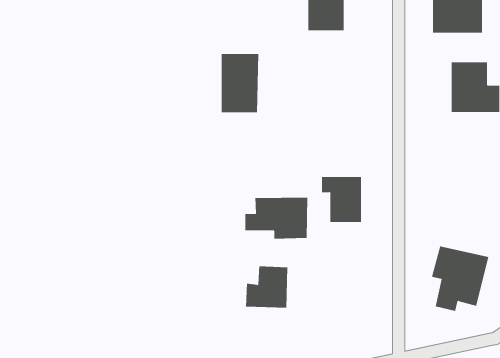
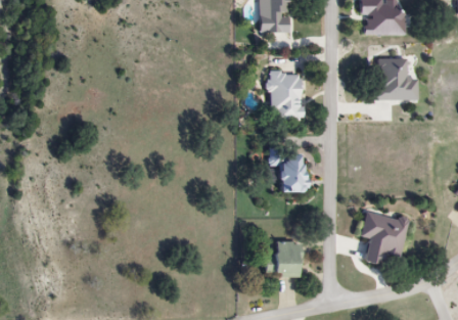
building: [221,54,259,113] -> [271,71,303,120]
building: [245,197,308,240] -> none
building: [245,266,288,308] -> [264,240,300,275]

